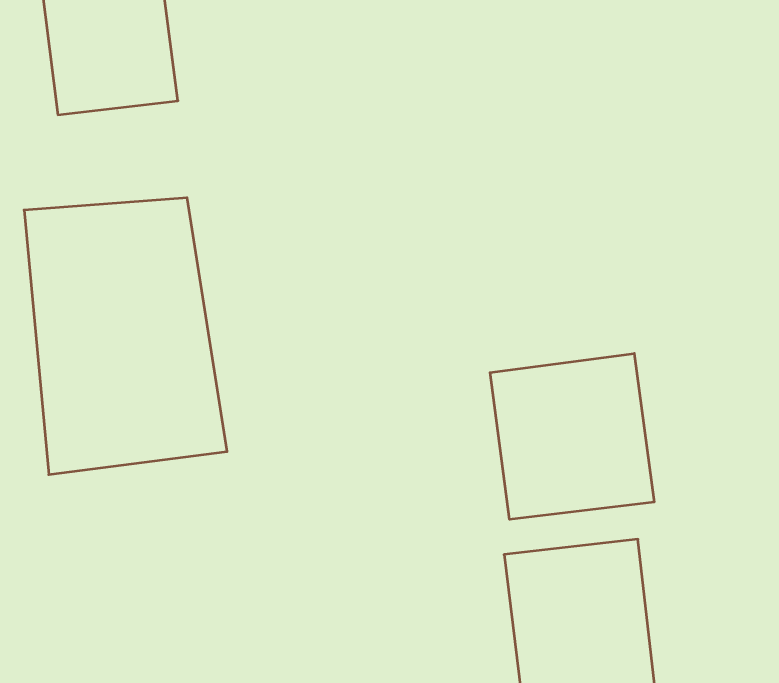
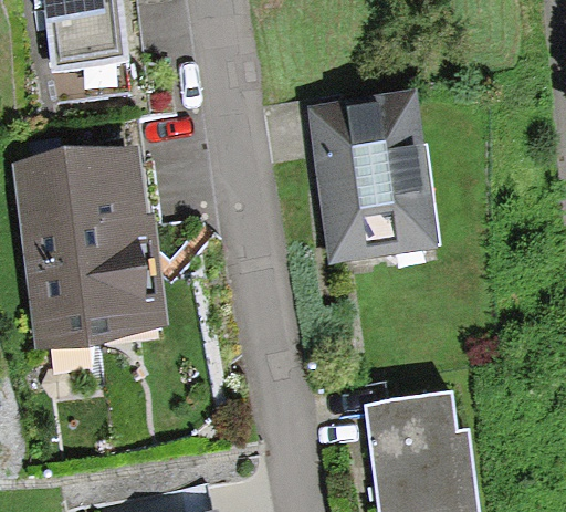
building: none -> [307,90,440,263]
building: [490,353,654,519] -> none

